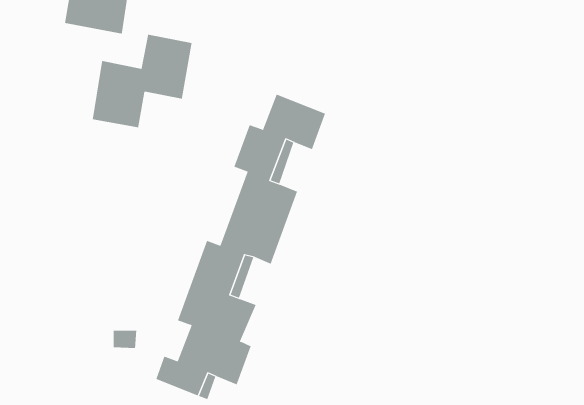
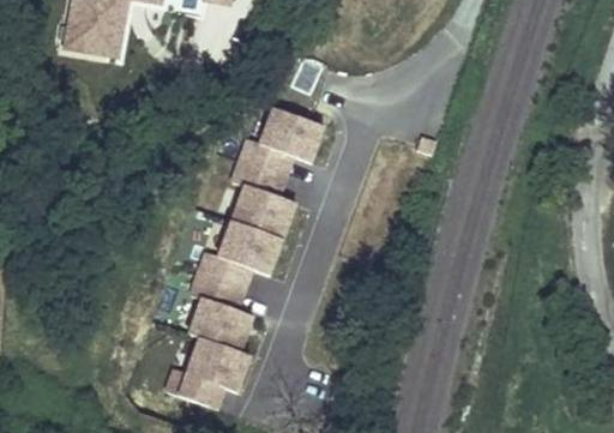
building: [92,34,192,128] -> none

